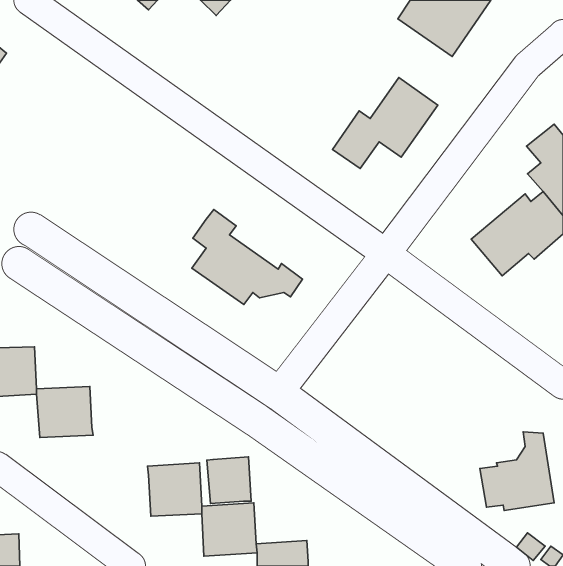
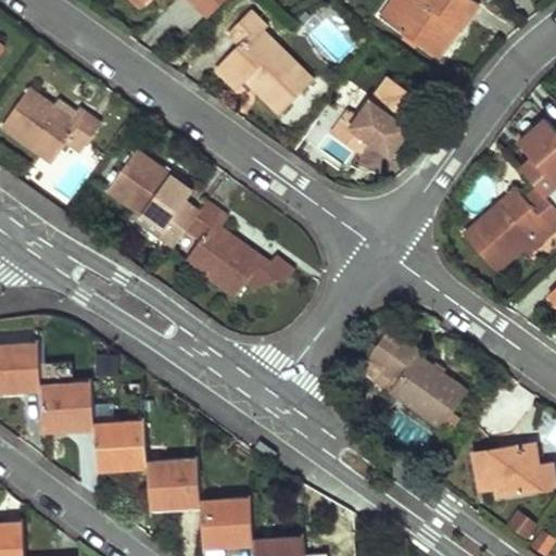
building: none -> [217,11,314,116]
building: none -> [7,92,105,166]
building: none -> [113,155,202,251]
building: none -> [368,329,472,433]
building: none -> [90,416,146,469]
building: [207,457,251,504] -> none

